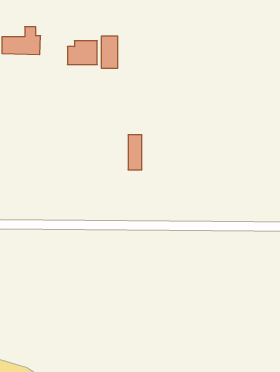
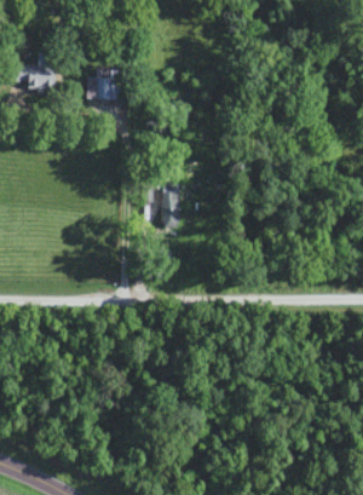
building: [102,36,118,68] -> none

